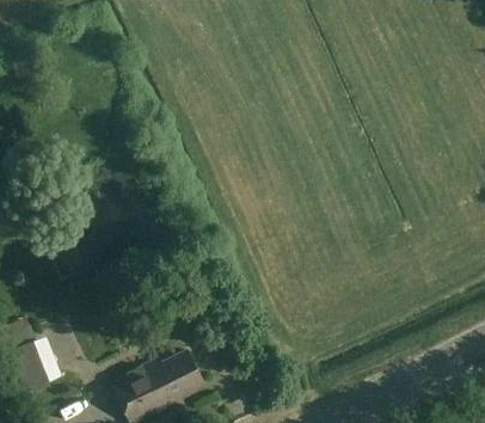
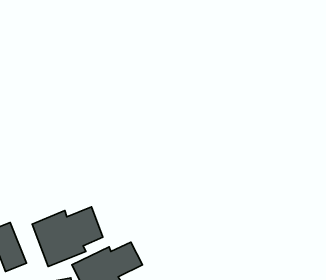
building: none -> [32,207,103,266]

